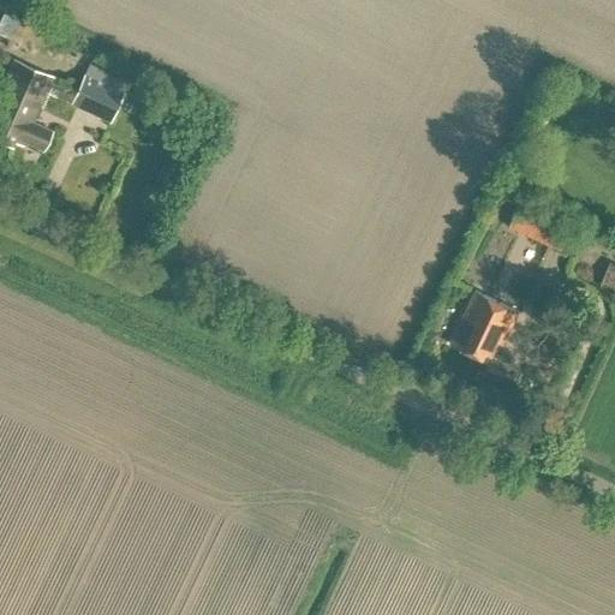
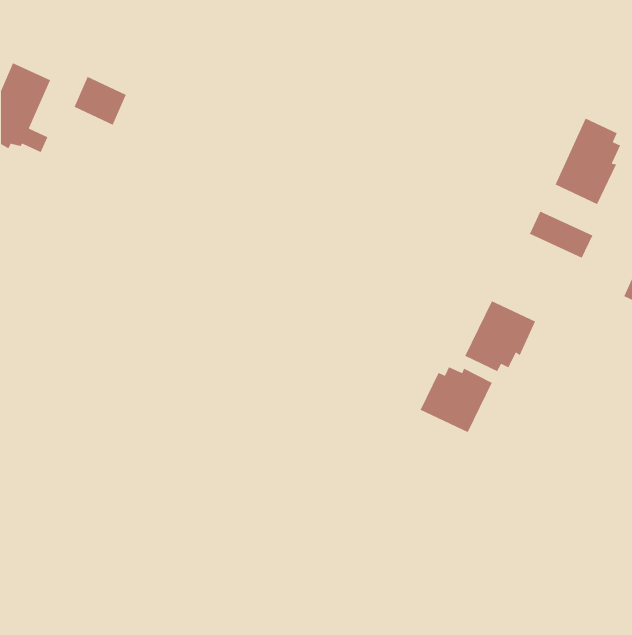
building: none -> [554,118,621,205]
building: none -> [420,366,493,433]

